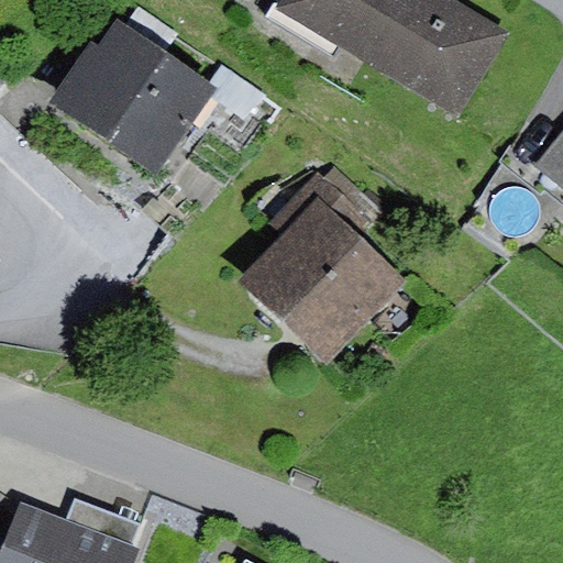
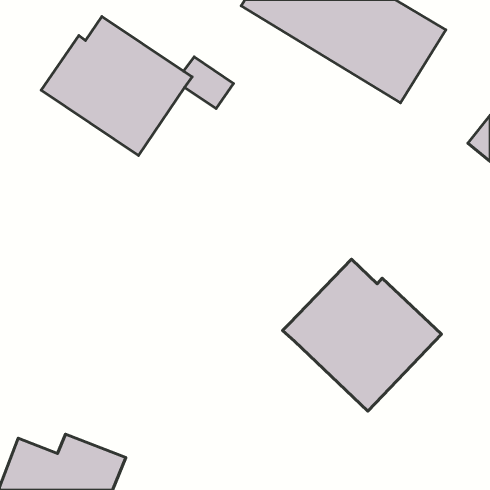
building: [236,170,405,363] -> none
building: none -> [283,259,442,411]

